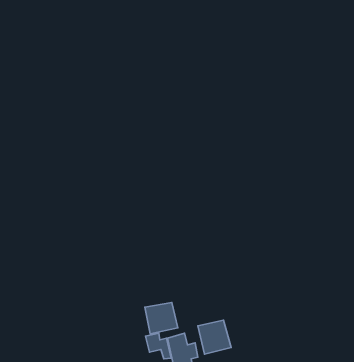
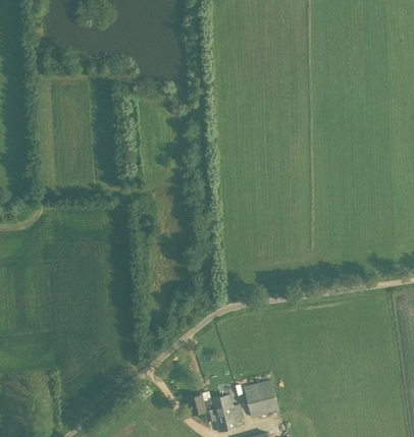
building: [145,303,178,334] -> none

